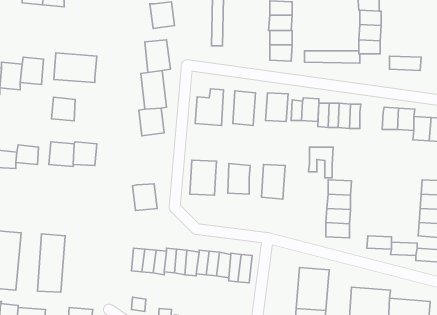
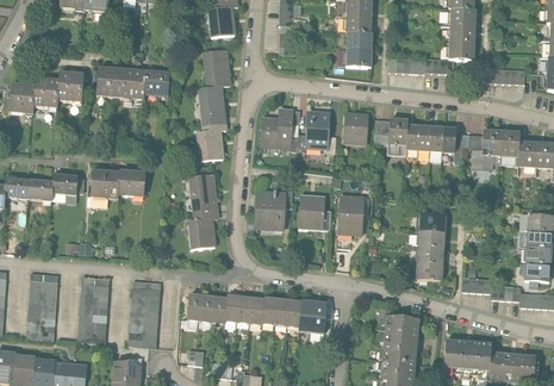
building: [52,97,75,121] -> [144,68,172,95]
building: none -> [188,173,219,218]
building: [309,147,333,178] -> [452,133,480,169]
building: none -> [127,280,160,348]

